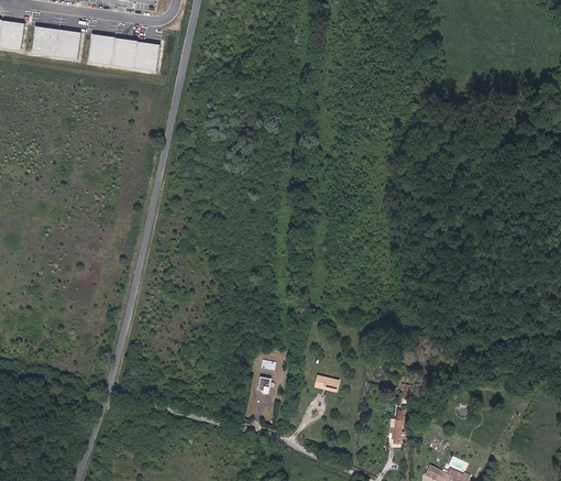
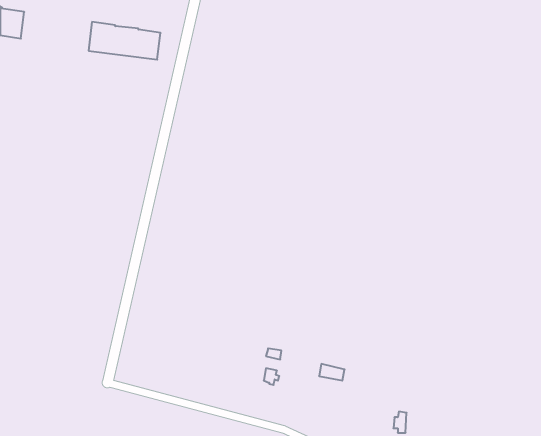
building: [32,26,80,59] -> none

